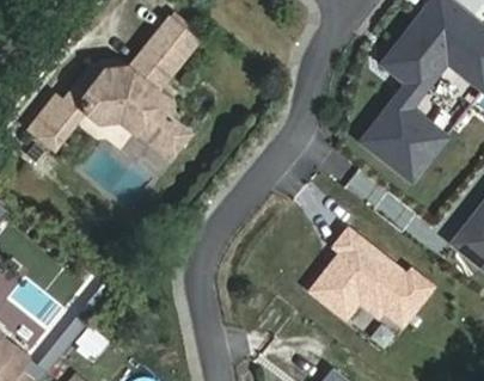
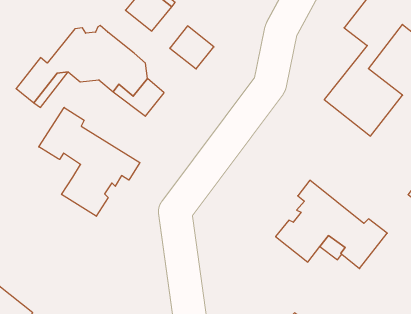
building: [128,44,176,91] -> [170,26,214,69]
building: none -> [39,107,140,216]

